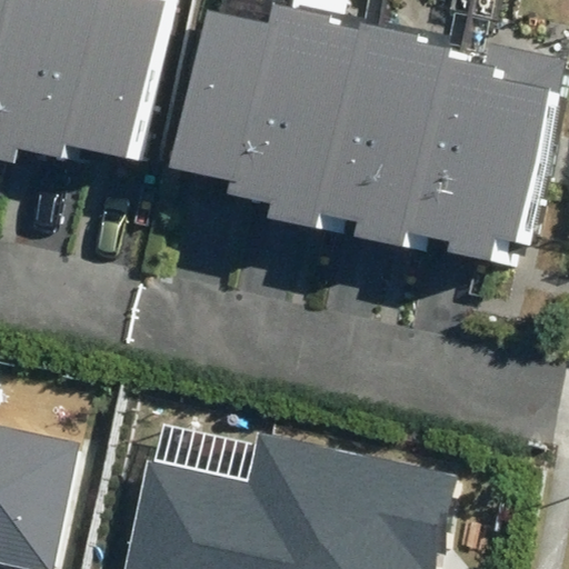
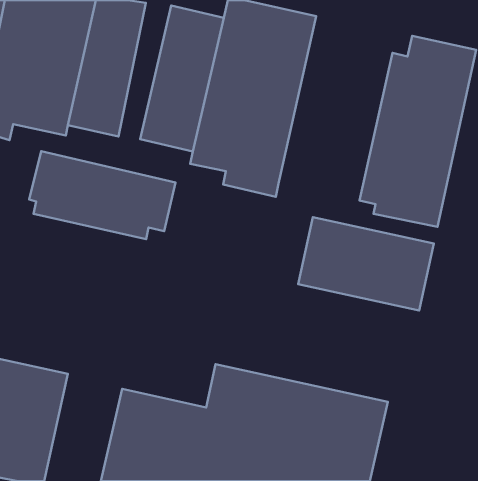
building: [329,19,469,251] -> none
building: none -> [29,151,175,239]
building: none -> [298,217,434,311]

